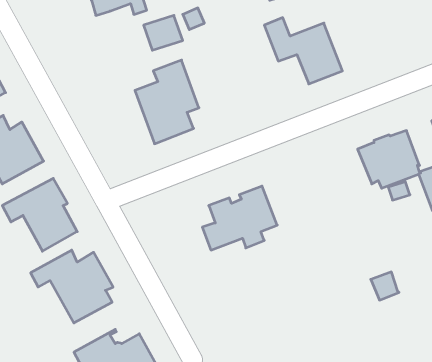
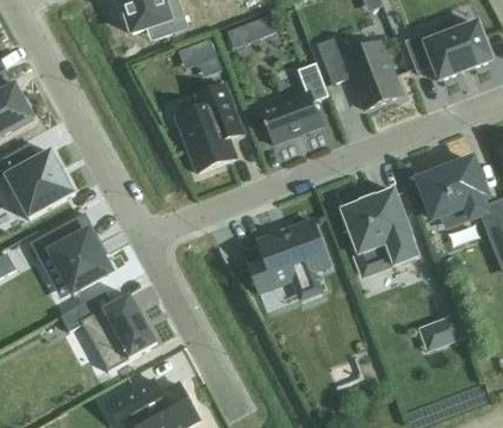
building: none -> [404,21,492,79]
building: none -> [260,62,324,143]
building: none -> [341,188,417,272]

